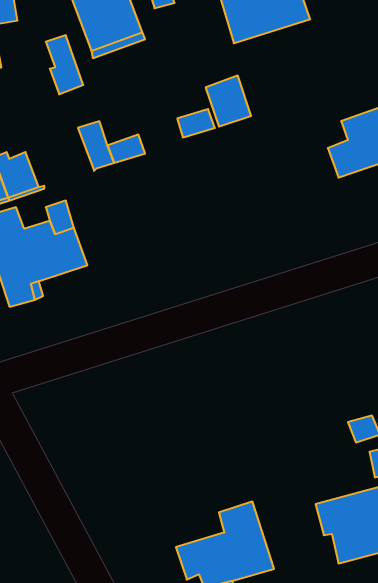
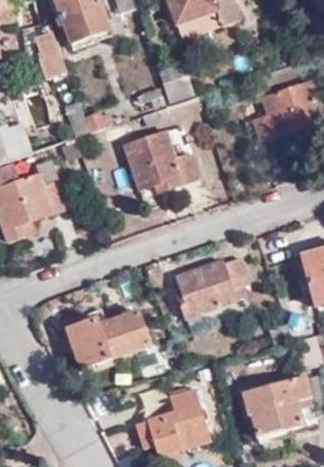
building: none -> [123,129,196,188]
building: none -> [175,256,249,317]
building: none -> [65,315,151,368]

